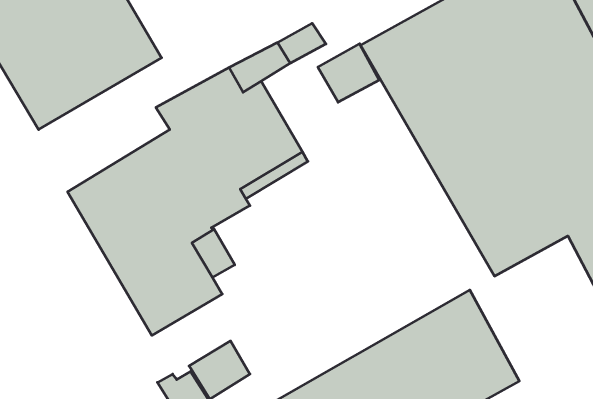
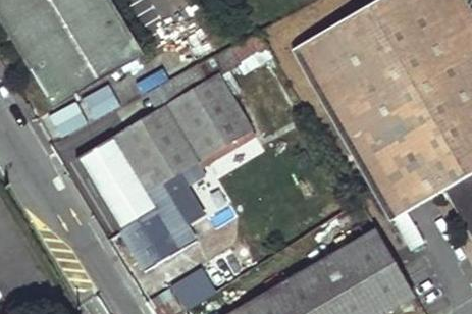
building: [318,44,379,102] -> none

